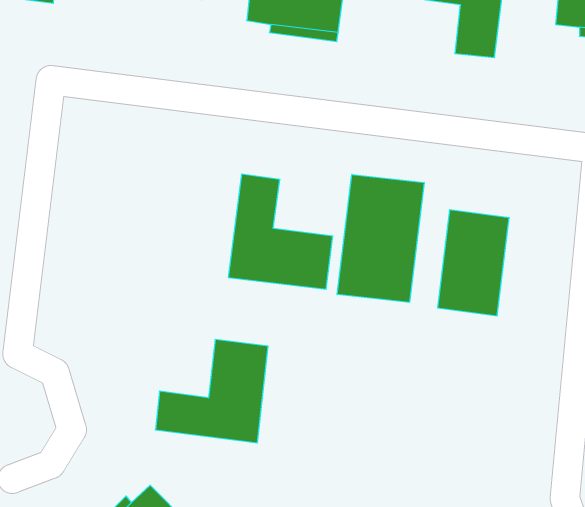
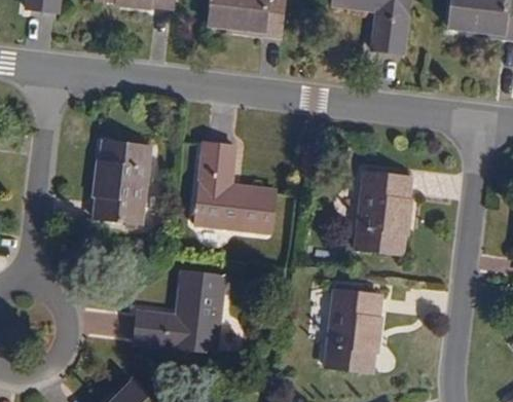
building: none -> [97,141,153,223]
building: [337,174,424,302] -> none
building: none -> [326,290,380,371]

